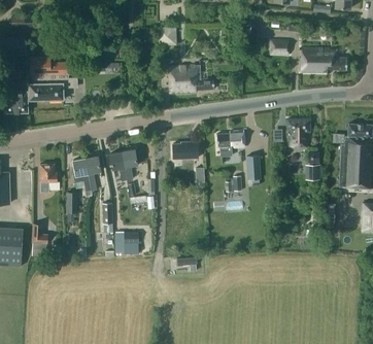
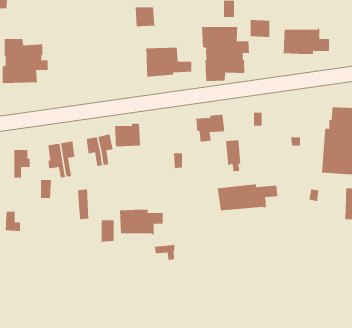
building: none -> [202,26,249,82]
building: [287,118,310,146] -> none
building: [172,141,198,164] -> [114,123,141,147]
building: none -> [217,184,278,211]
building: none -> [120,209,163,235]

